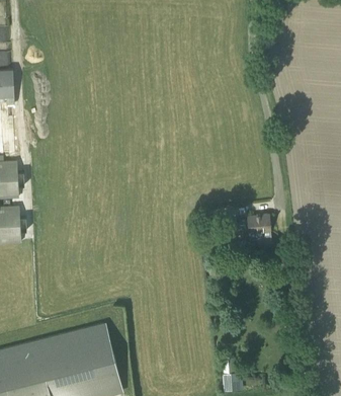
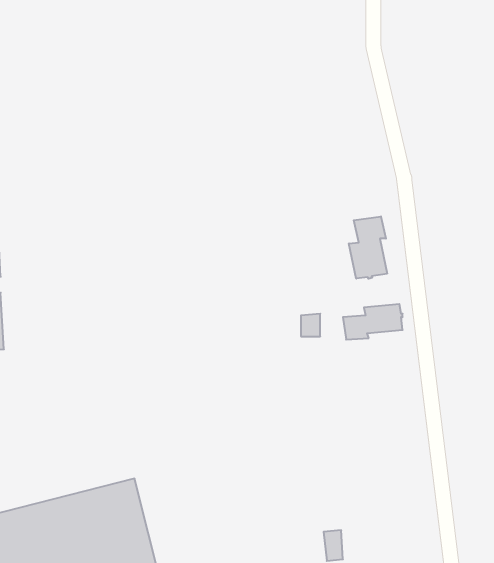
building: none -> [349,216,387,279]

